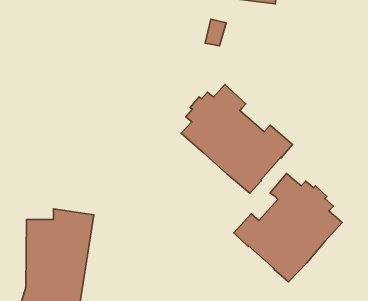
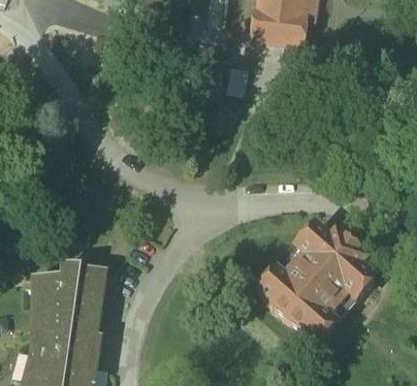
building: [181,85,292,193] -> none

